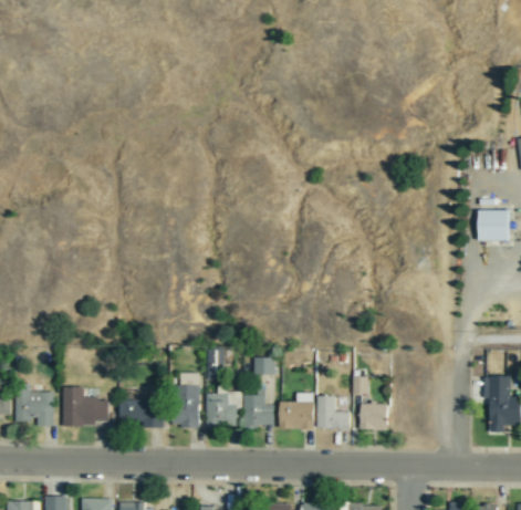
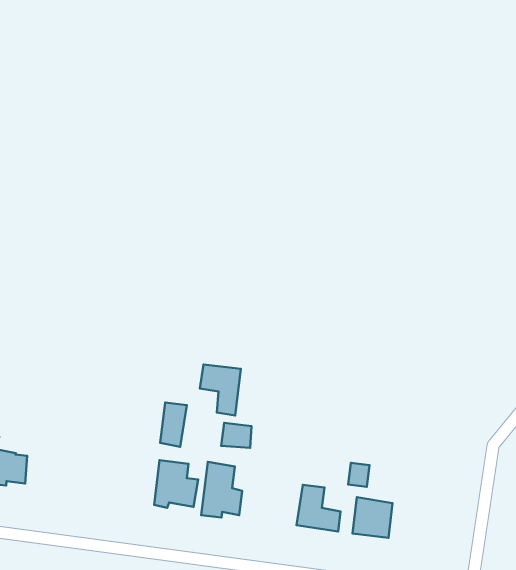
building: none -> [200,364,241,415]
building: [175,385,200,429] -> none
building: [119,399,164,428] -> none
building: [280,403,313,429] -> none

